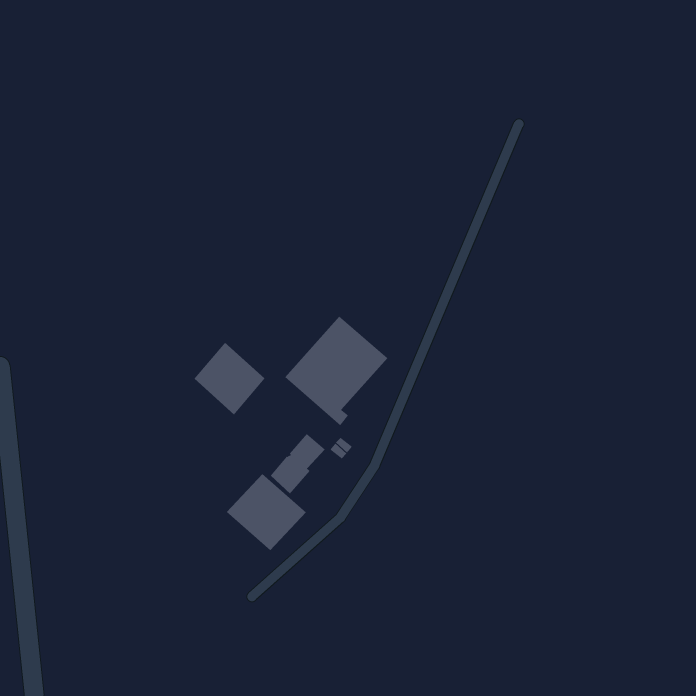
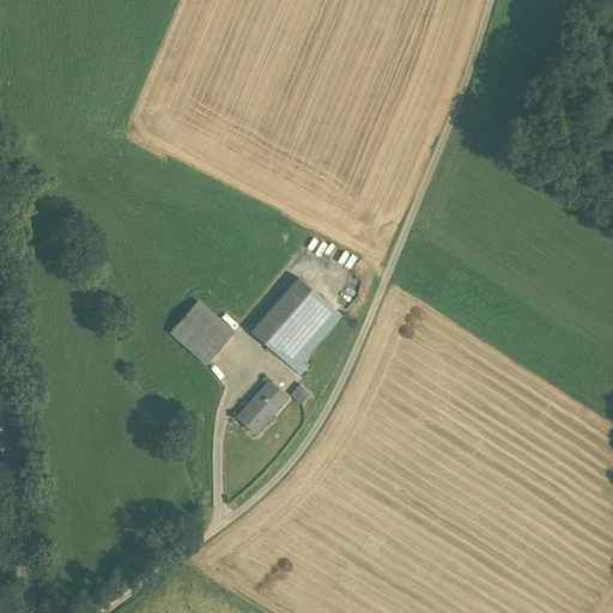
building: [226,473,307,551] -> none

